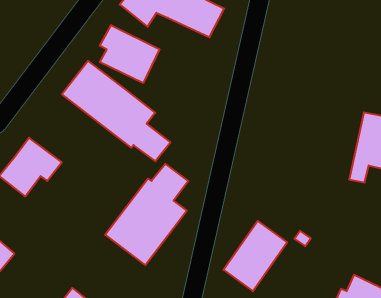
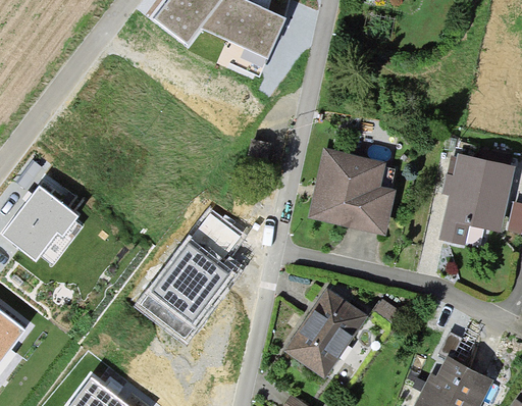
building: [100,25,160,83] -> none
building: [62,61,170,161] -> none
building: none -> [310,148,389,226]

